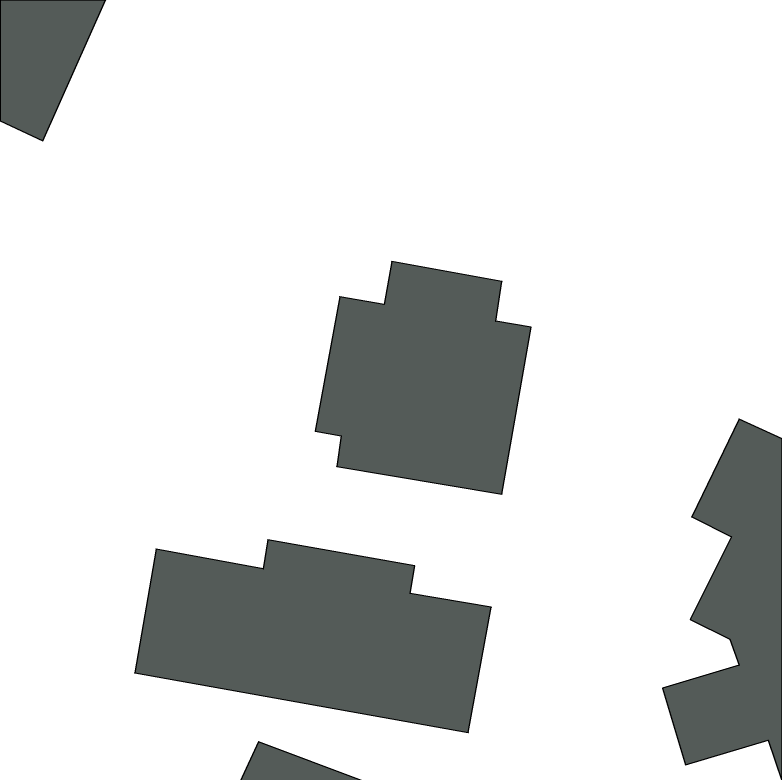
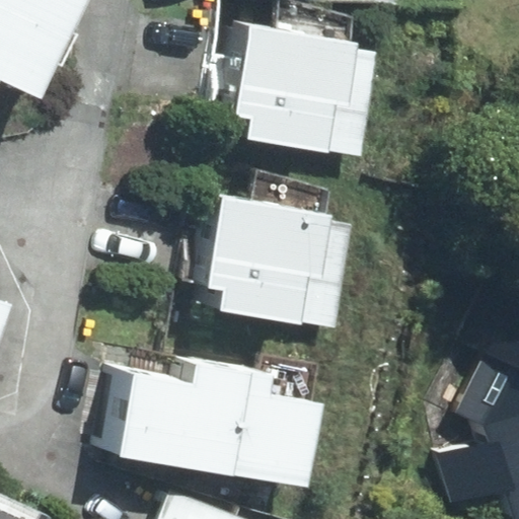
building: none -> [224,5,377,157]

